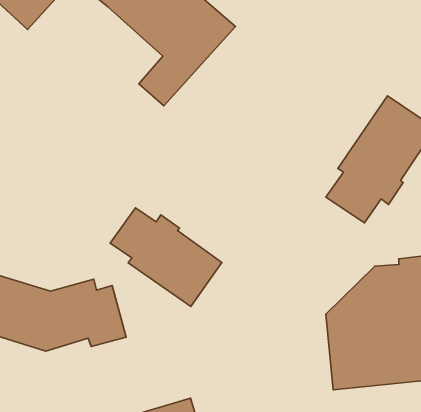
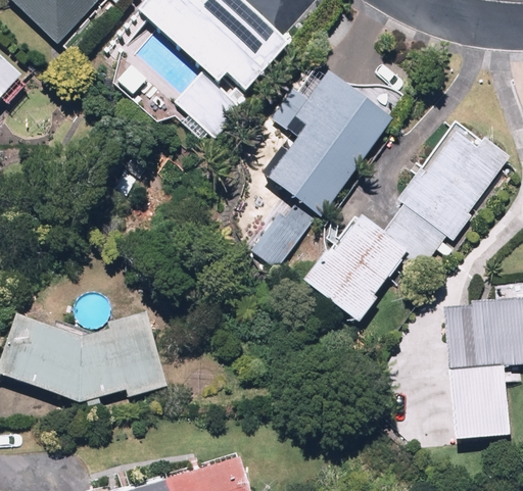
building: none -> [251,71,392,266]
building: none -> [299,209,410,323]
building: [110,208,222,307] -> none

